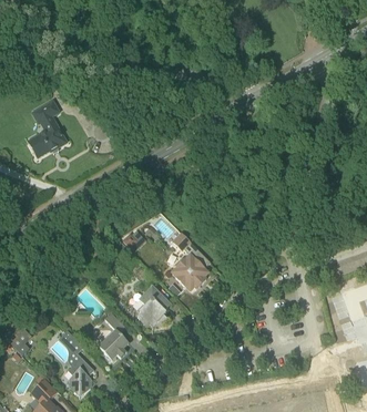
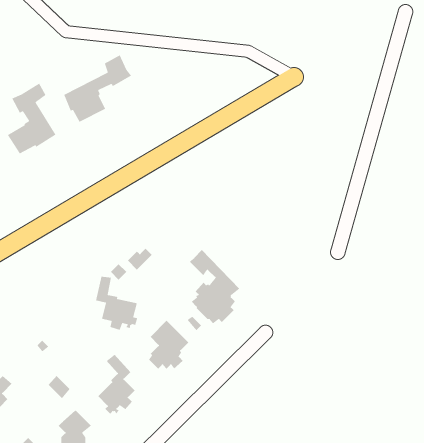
building: none -> [63,54,132,123]
building: none -> [95,276,138,331]

